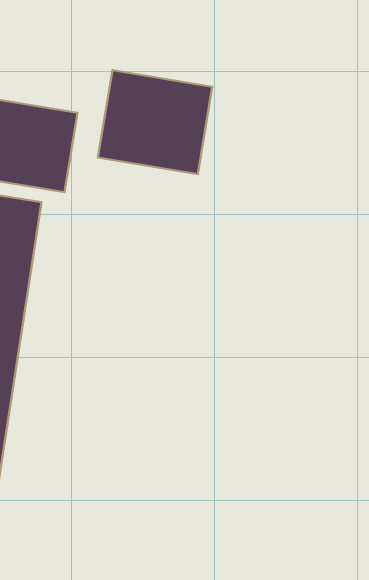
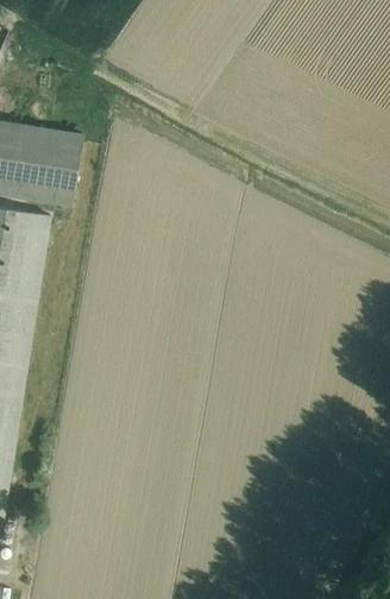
building: [98,70,212,174] -> none

